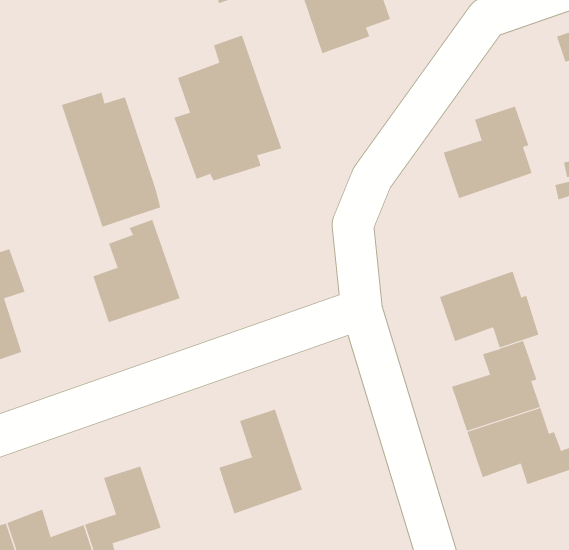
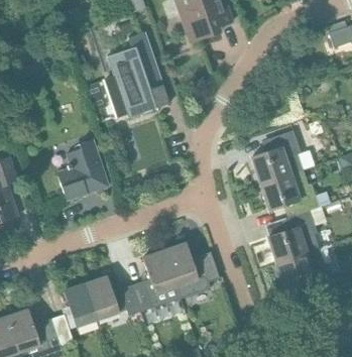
building: [61,92,161,227] -> none
building: [443,106,533,199] -> [251,130,304,185]
building: none -> [164,242,220,298]
building: none -> [86,275,140,320]

